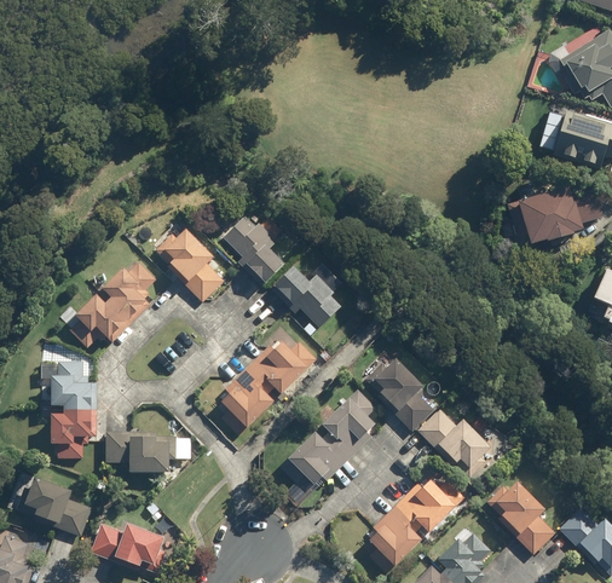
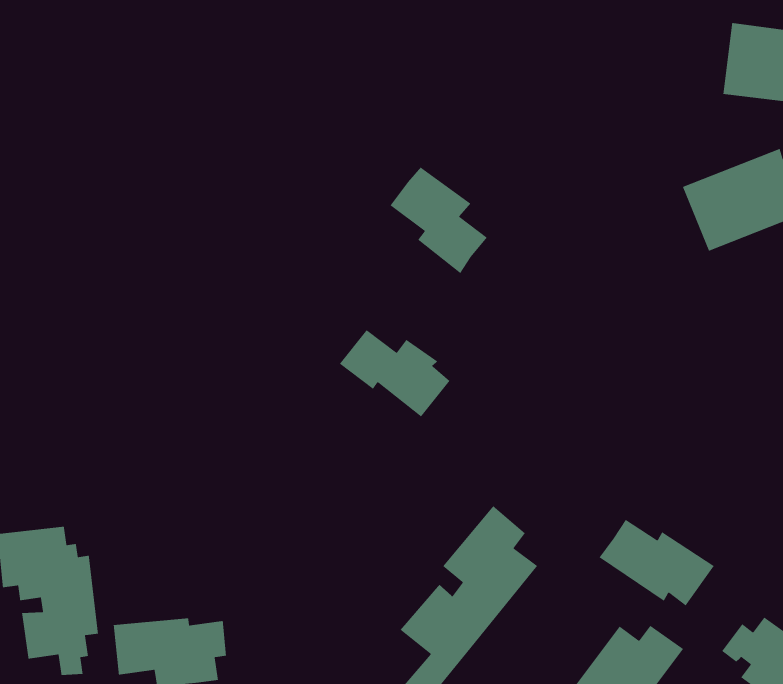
building: [224,214,283,285] -> [389,167,488,274]
building: [158,229,224,301] -> none
building: [73,262,156,347] -> none
building: [219,325,316,428] -> none
building: [374,358,434,429] -> none

